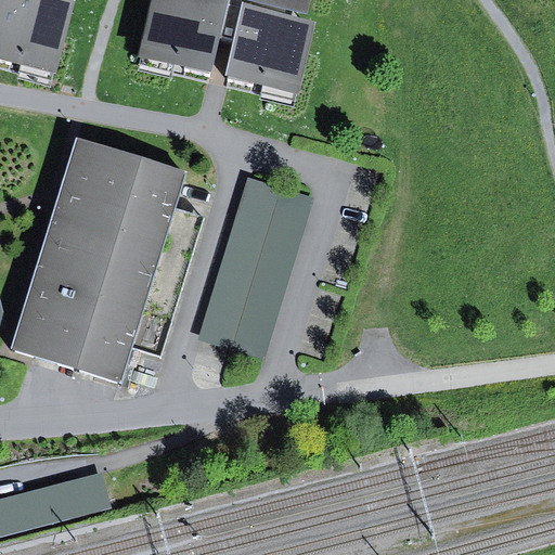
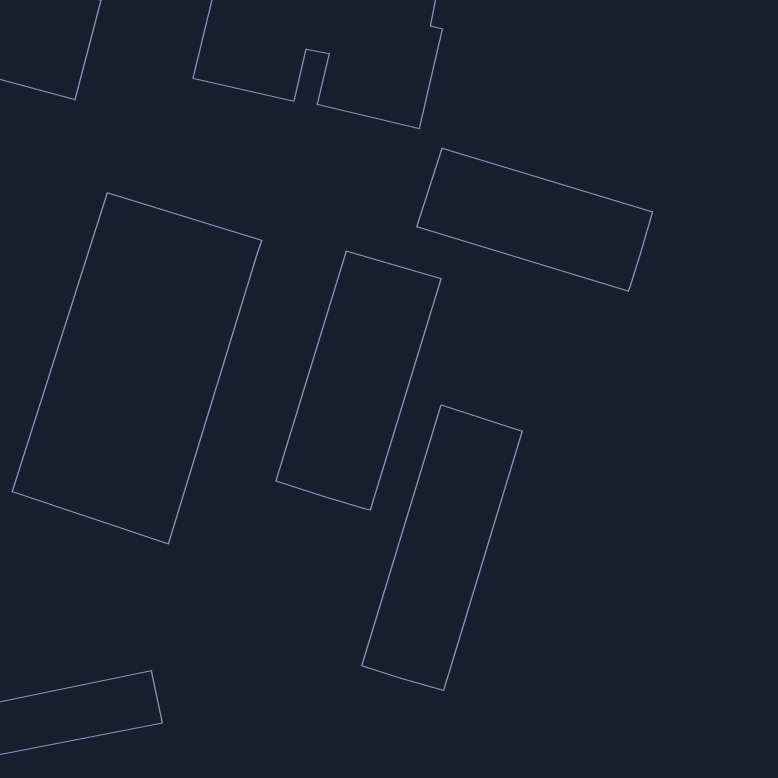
building: none -> [417,148,652,291]
building: none -> [362,405,522,690]

